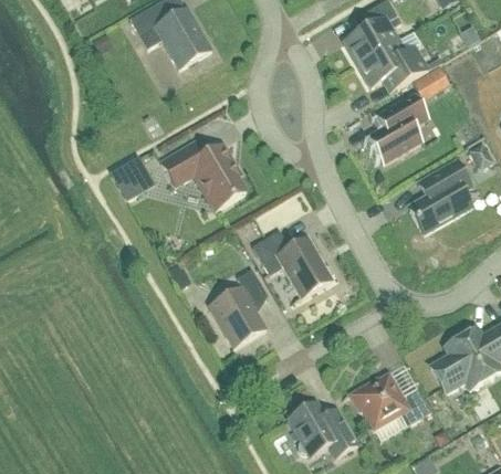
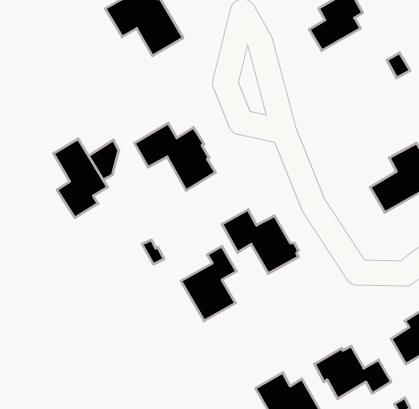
building: [357,40,428,87] -> none
building: [367,94,427,164] -> none
building: none -> [53,139,108,218]

